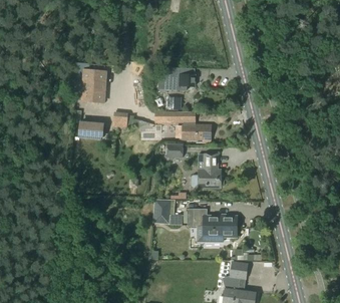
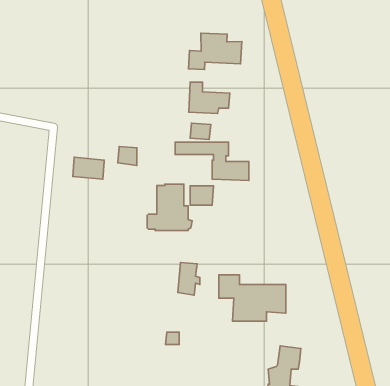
building: none -> [189,33,242,70]
building: [83,70,105,102] -> none
building: [192,154,225,188] -> [147,184,192,231]

